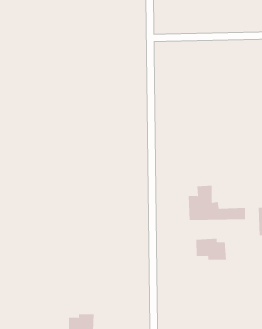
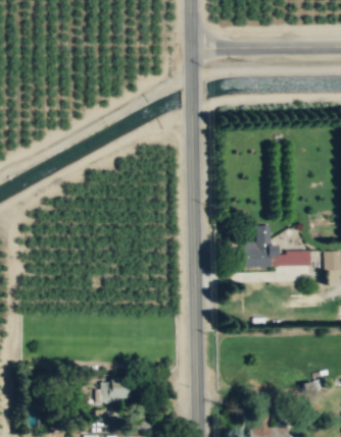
building: [196,238,226,260] -> none

